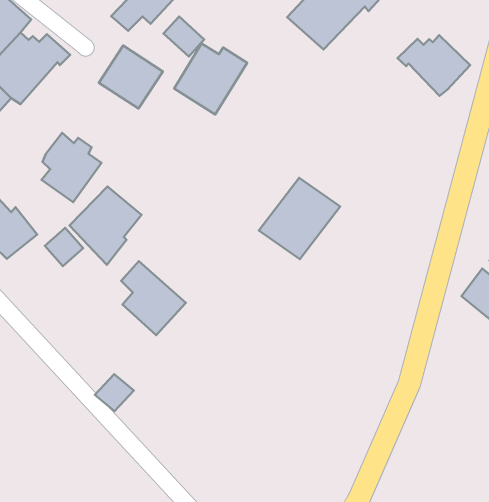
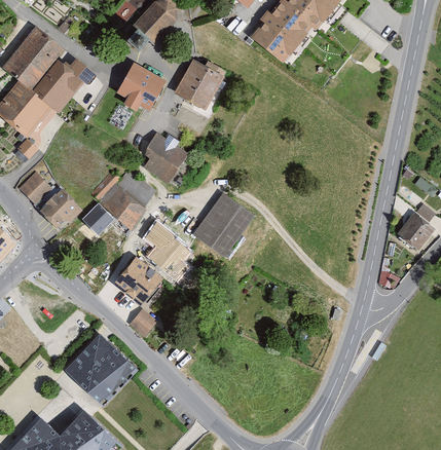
building: [164,16,204,56] -> none
building: [398,35,470,96] -> none
building: [41,133,102,202] -> [145,129,189,181]
building: [259,178,340,259] -> [193,195,253,256]
building: none -> [113,257,162,307]
building: none -> [67,335,134,401]

